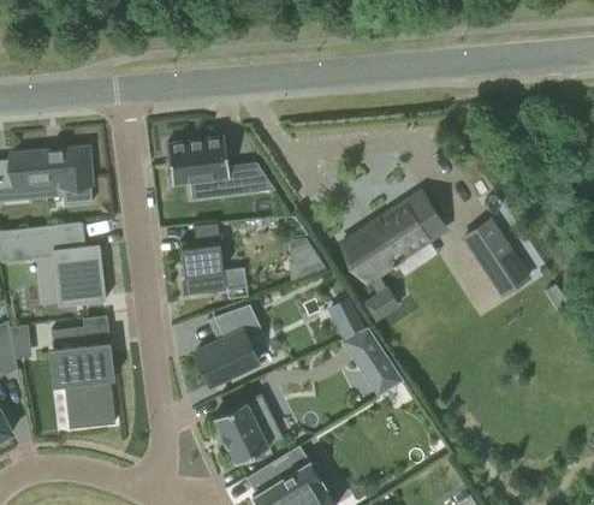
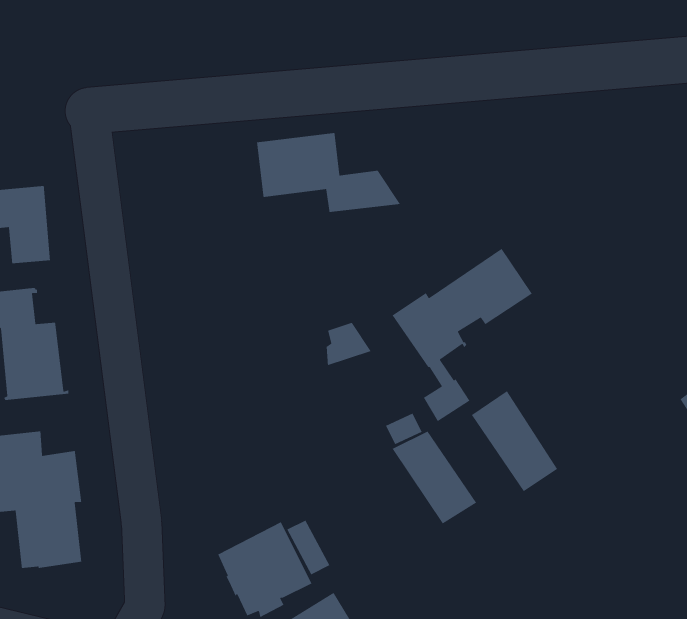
building: [166,136,272,195] -> [256,132,401,213]
building: [463,220,527,295] -> [471,390,558,492]
building: [179,225,225,297] -> none
building: [194,304,263,386] -> none

